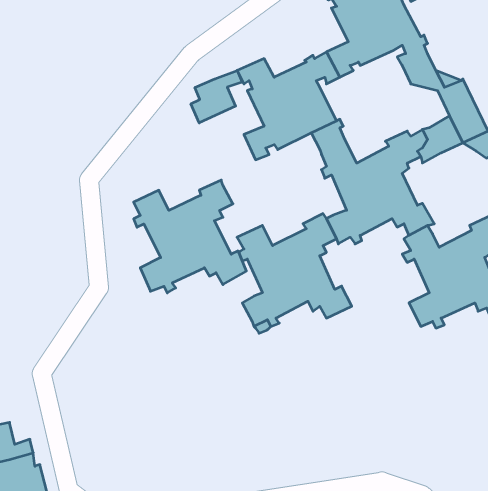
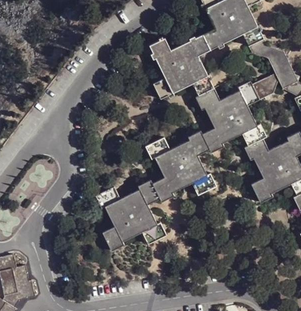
building: [191,70,242,123] -> none
building: [134,180,246,293] -> [99,181,166,248]

